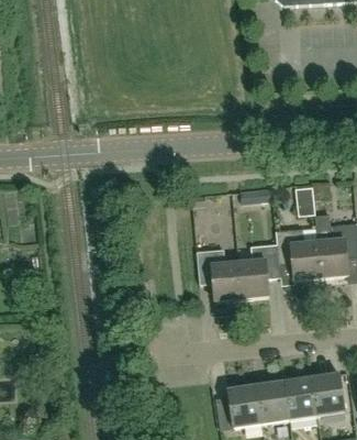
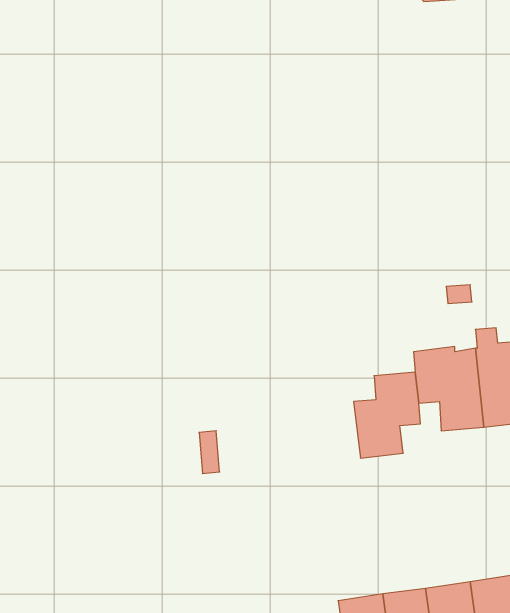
building: [197,249,242,300] -> none

